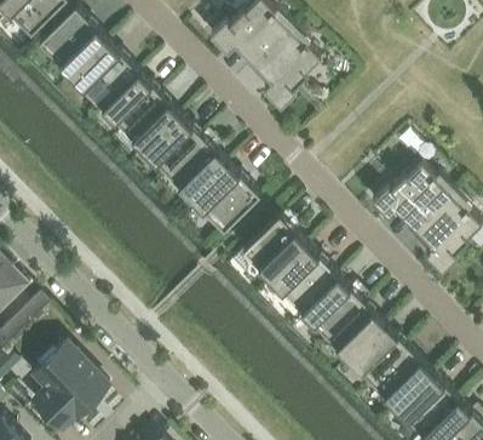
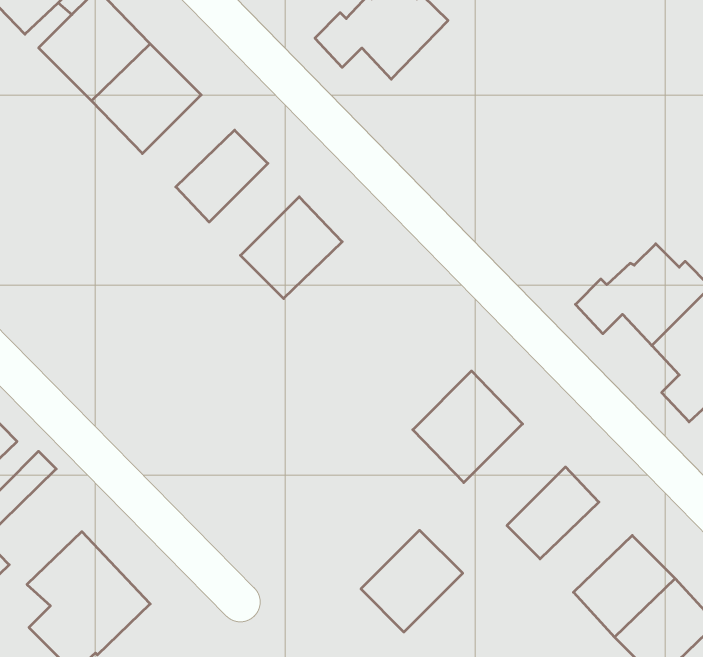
building: [255,25,318,109] -> none
building: [102,72,159,128] -> none
building: [143,114,199,171] -> none
building: [189,162,258,232] -> none
building: [241,215,305,279] -> none
building: [300,275,363,338] -> [361,530,463,632]
building: [347,324,404,379] -> none

